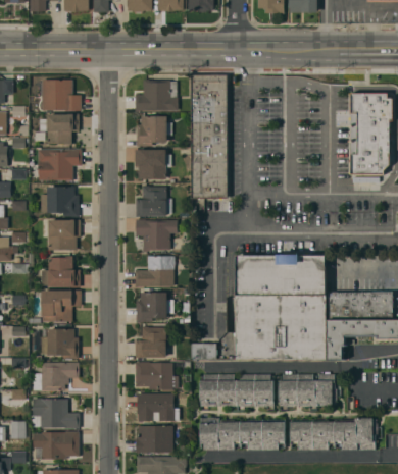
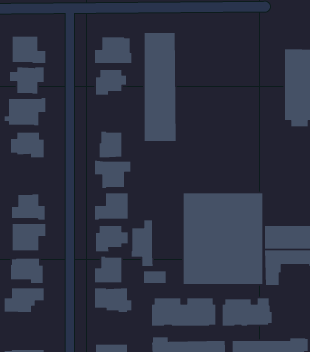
building: [135,149,170,178] -> none
building: [48,219,80,249] -> none
building: none -> [131,219,154,267]
building: [136,392,179,420] -> none
building: [33,398,80,428] -> none

